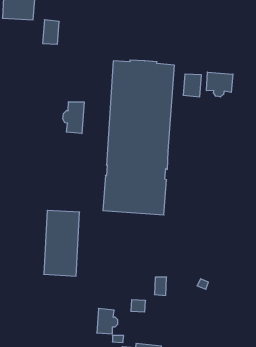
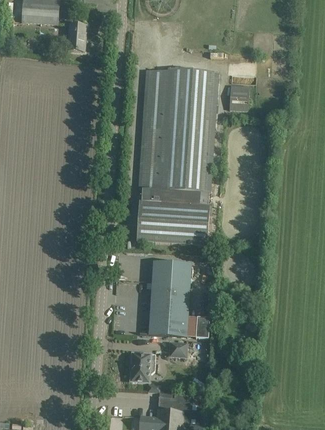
building: [207,72,233,97] -> none
building: [63,102,84,134] -> none
building: [44,210,80,276] -> [148,262,189,337]

